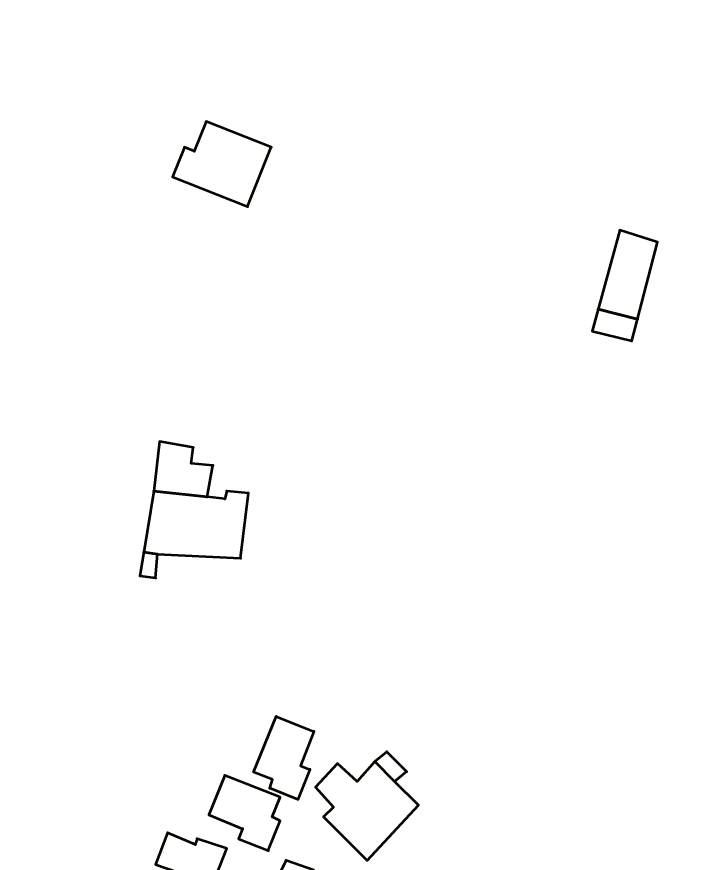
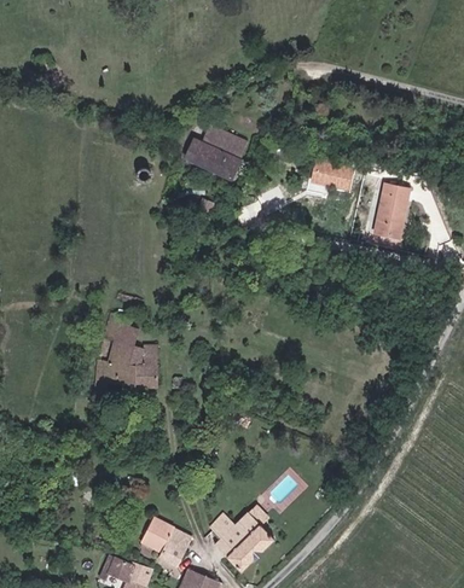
building: [173,122,271,207] -> [187,127,248,179]
building: none -> [312,159,355,186]
building: [254,716,314,799] -> none

